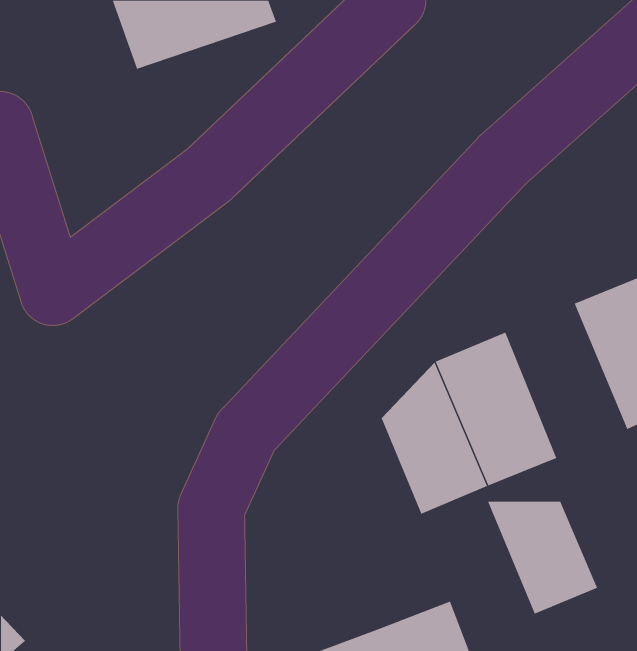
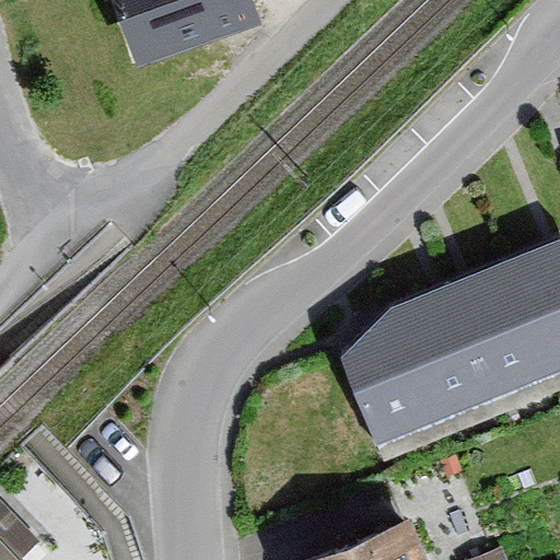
building: none -> [447,264,550,395]
building: [487,501,598,615] -> none

